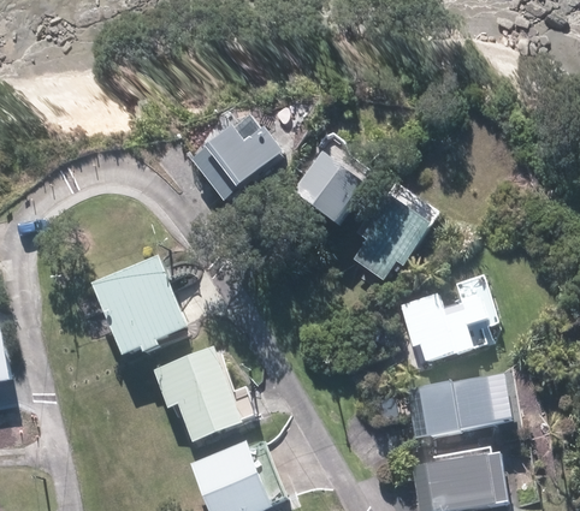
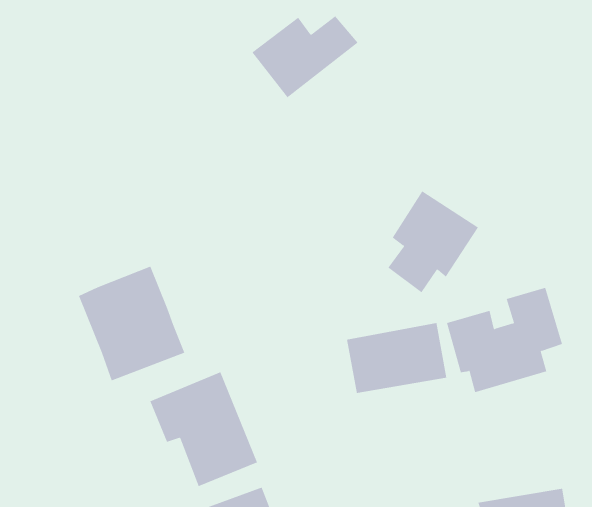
building: [193,126,283,196] -> [251,15,358,98]
building: [290,151,363,224] -> none
building: [412,375,497,435] -> [346,322,447,394]

